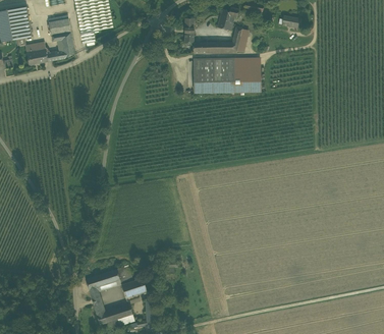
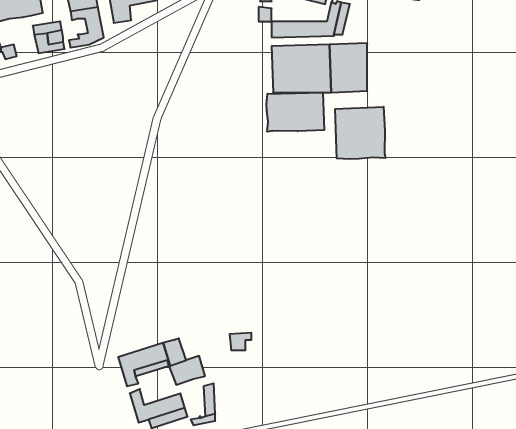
building: none -> [267,92,324,132]
building: none -> [335,107,385,159]

